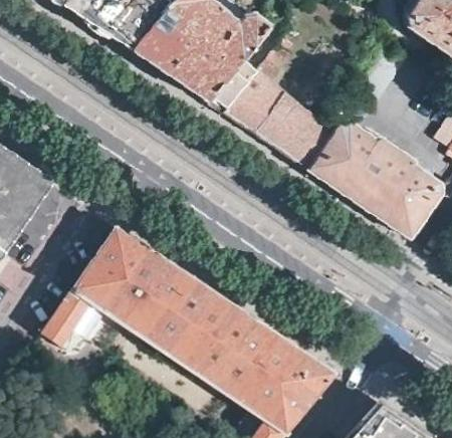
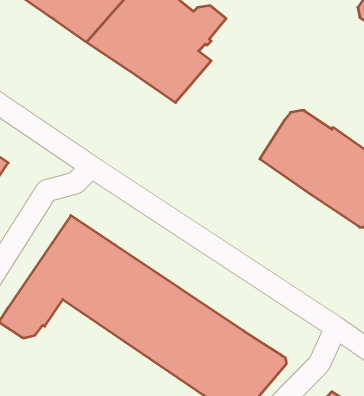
building: [222,38,332,170] -> none

